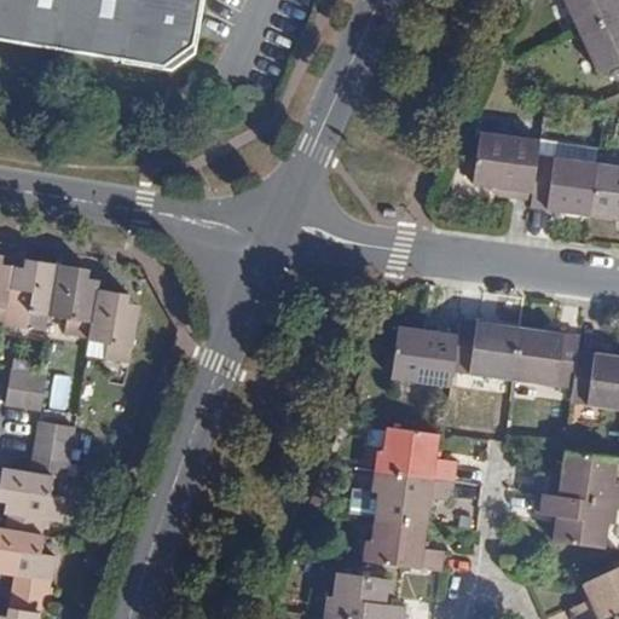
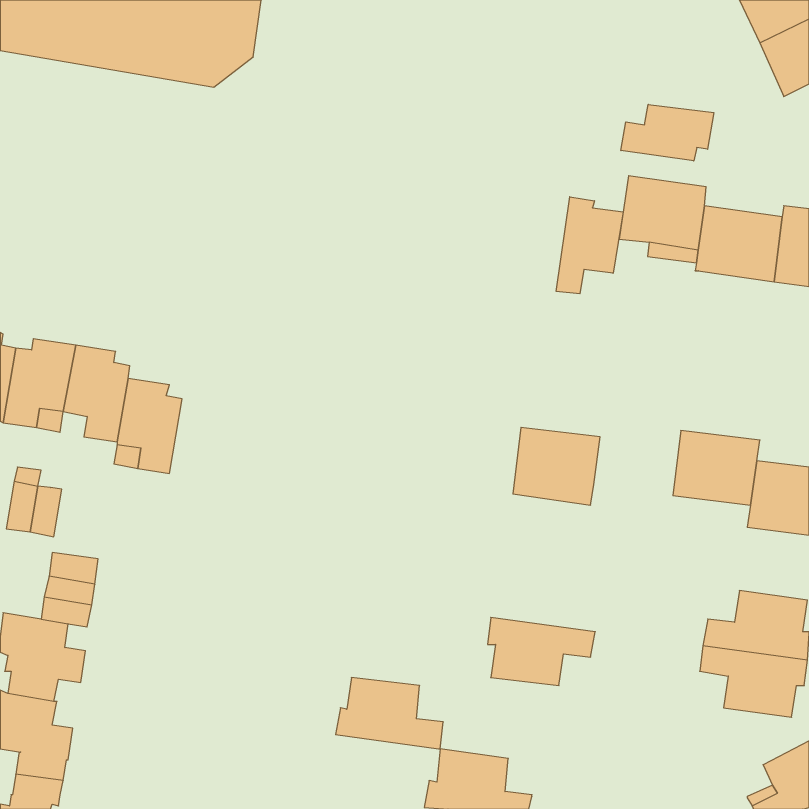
building: none -> [621,104,714,161]
building: none -> [556,197,623,294]
building: [453,320,520,378] -> none
building: [375,427,457,482] -> none
building: [363,517,445,572] -> [336,678,443,749]

